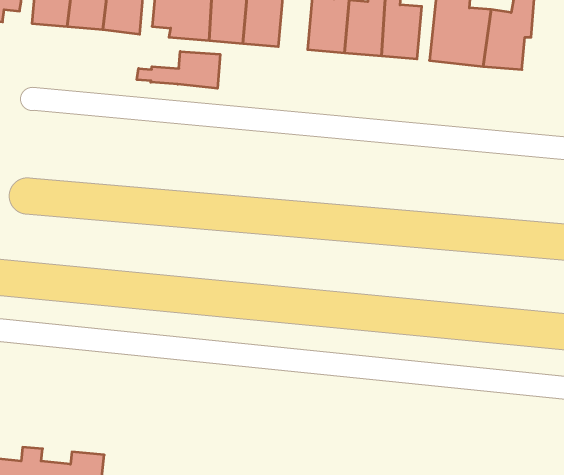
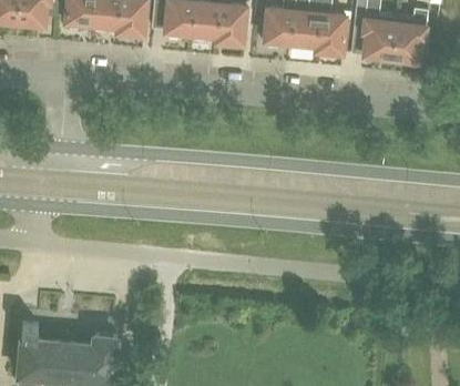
building: [137,51,220,88] -> none

